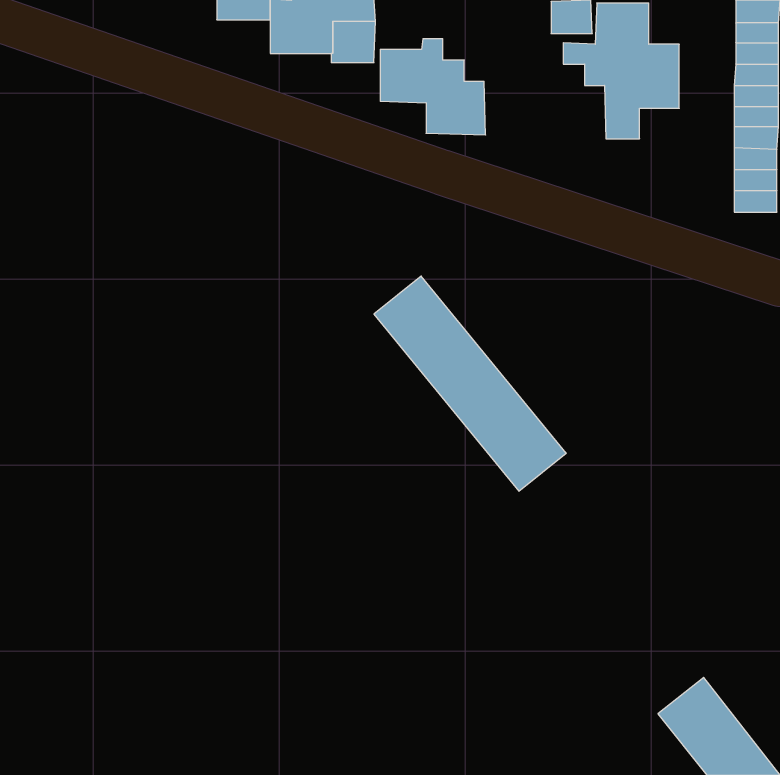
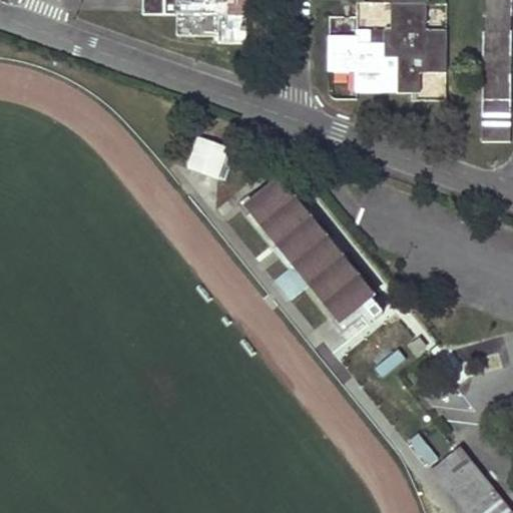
building: [380,39,486,135] -> [329,28,398,91]
building: none -> [190,135,228,174]

